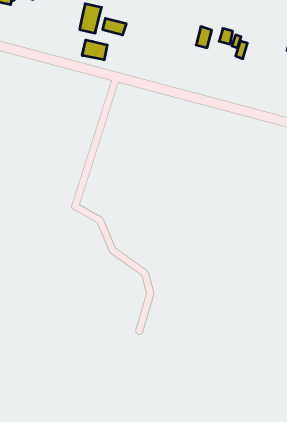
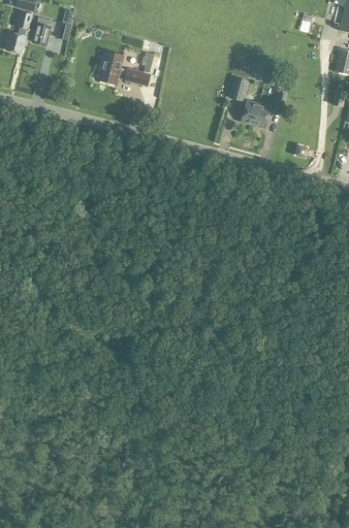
building: [82,40,107,60] -> none
building: none -> [239,99,267,127]

